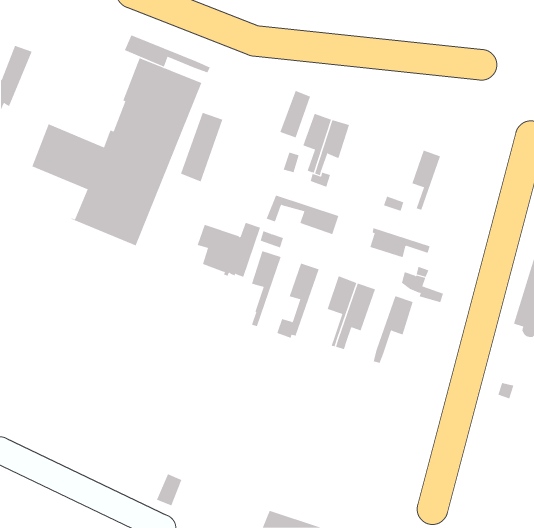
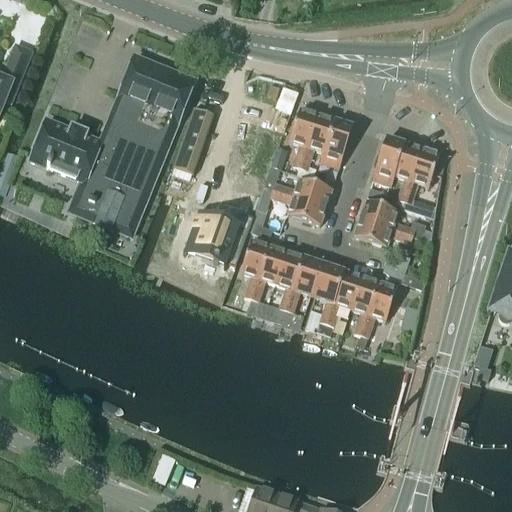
building: [124,35,210,73] -> none
building: none -> [320,119,353,167]
building: none -> [373,137,405,185]
building: none -> [402,149,439,218]
building: none -> [264,164,331,206]
building: none -> [357,200,430,240]
building: none -> [247,245,288,318]
building: none -> [284,257,324,327]
building: none -> [349,276,378,334]

